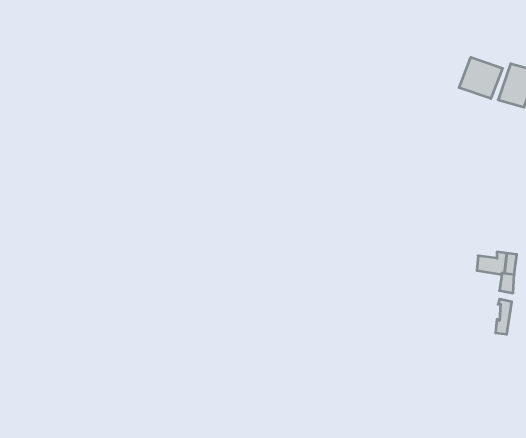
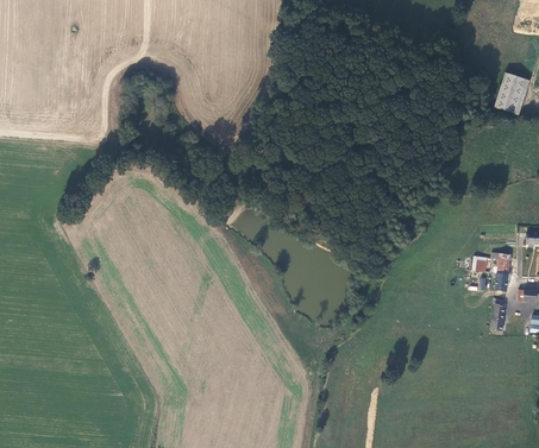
building: [459,57,503,99] -> none

